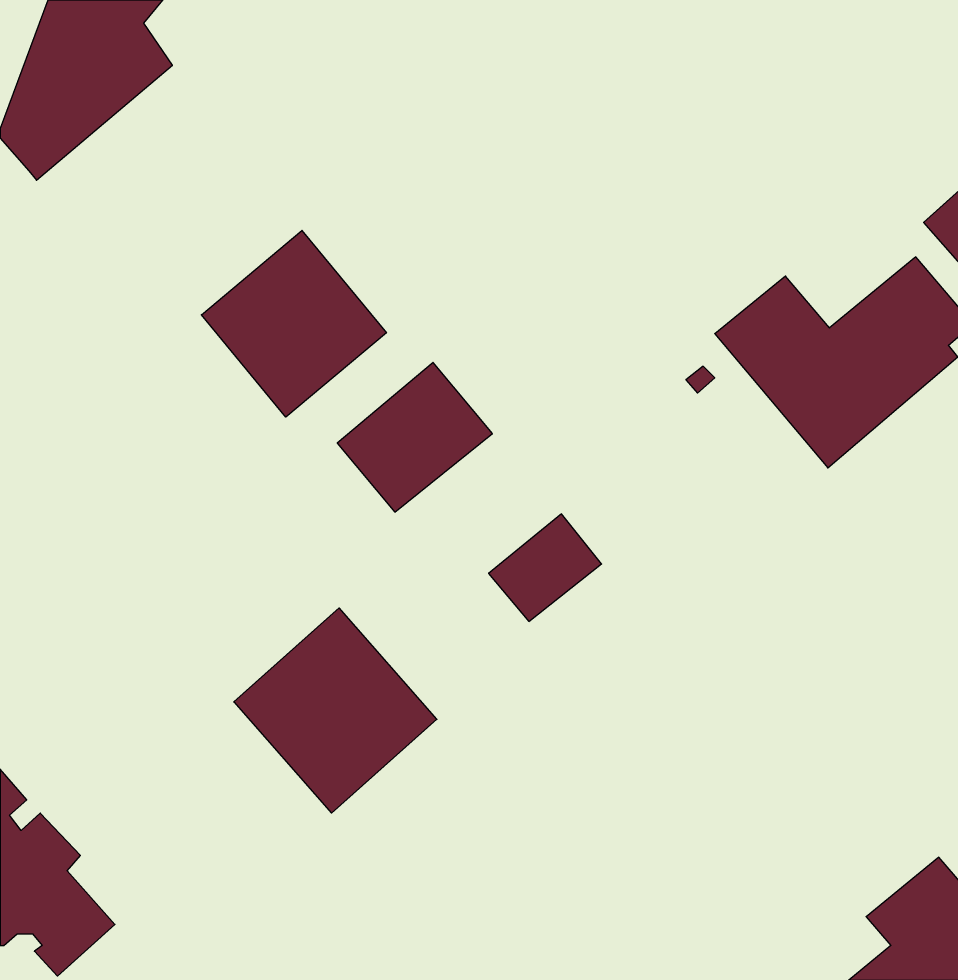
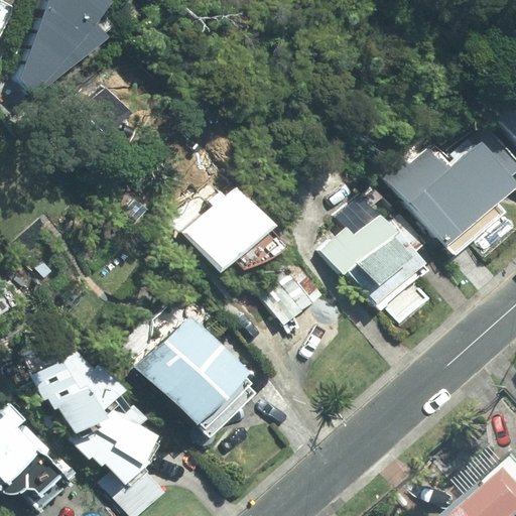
building: [201,230,386,417] -> none
building: none -> [338,214,431,307]
building: none -> [34,351,168,489]

